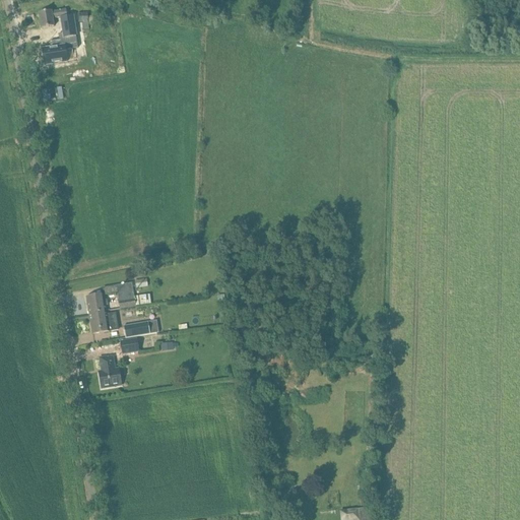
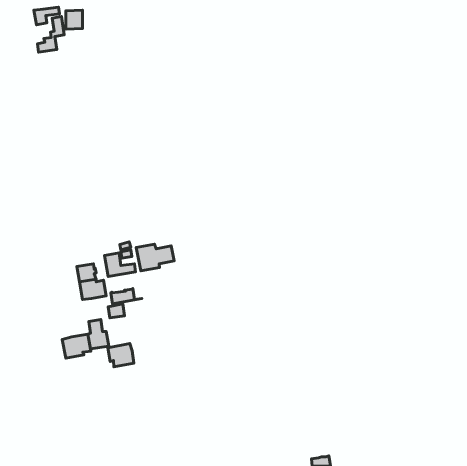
building: none -> [136,244,174,271]
building: none -> [62,334,91,358]
building: none -> [108,344,134,367]

